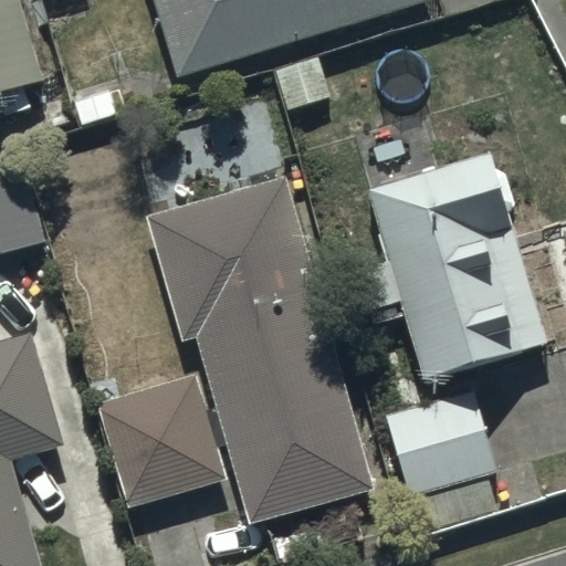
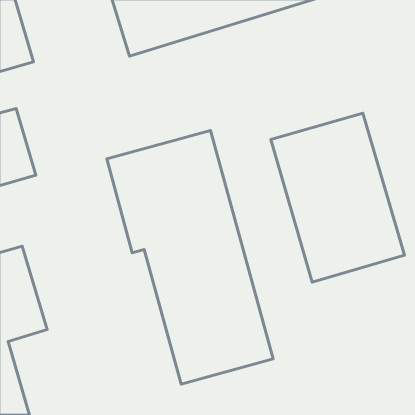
building: [87,373,227,513] -> none
building: [387,389,494,496] -> none

